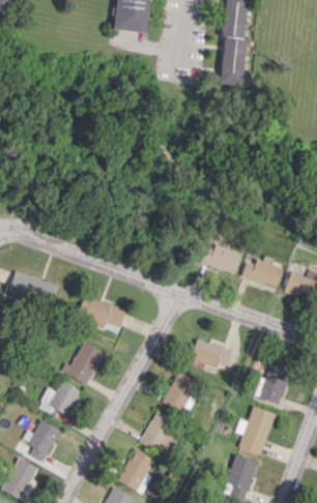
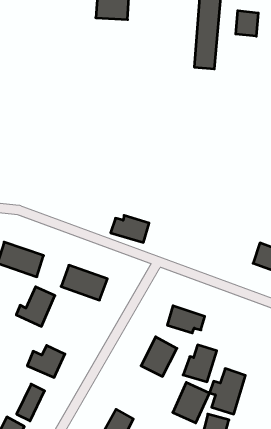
building: none -> [236,11,258,36]
building: [199,244,240,273] -> [111,215,149,242]
building: [240,260,282,288] -> none
building: [61,343,103,385] -> [16,287,55,326]
building: [254,364,290,404] -> [183,345,217,382]
building: [141,411,180,454] -> [173,382,209,423]

